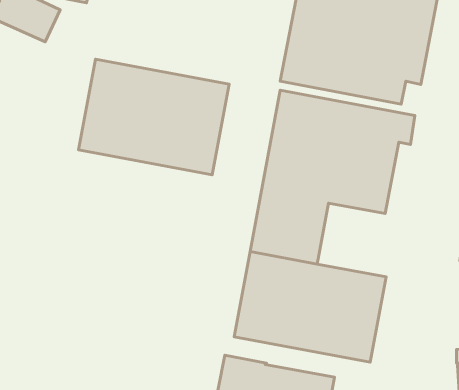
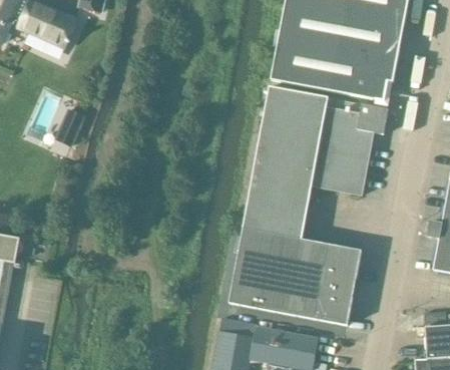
building: [79,59,229,175] -> none
building: none -> [56,110,84,146]

